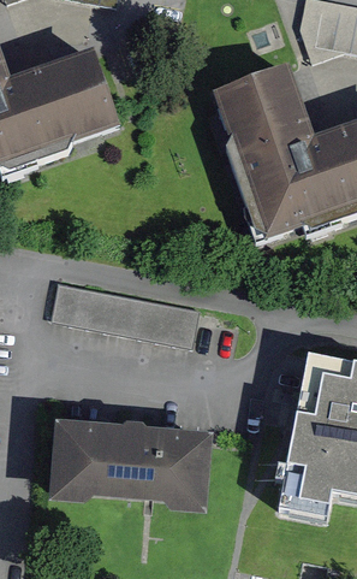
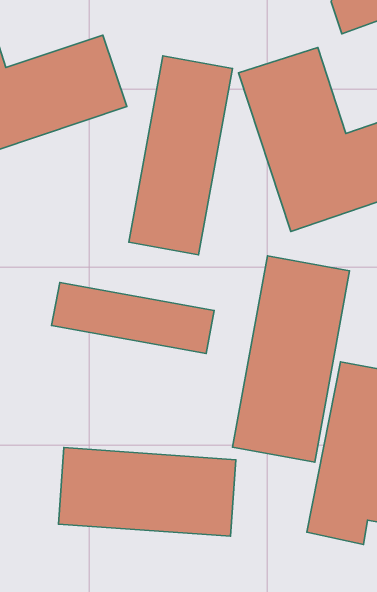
building: none -> [129,56,232,255]
building: none -> [233,256,350,462]

